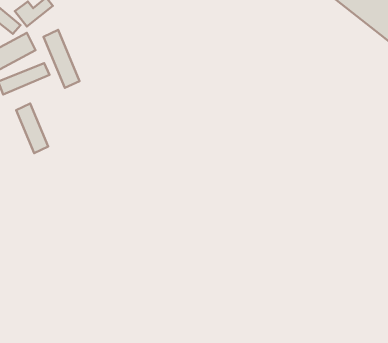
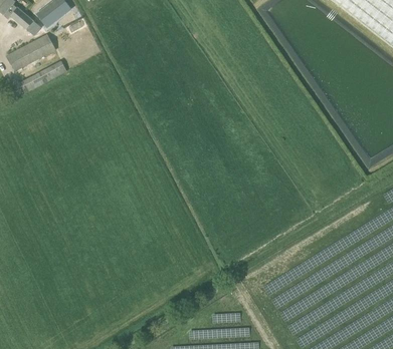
building: [44,30,79,88] -> none
building: [16,104,48,153] -> none

